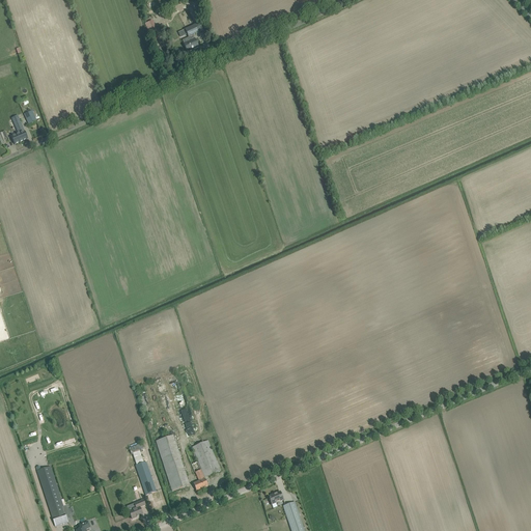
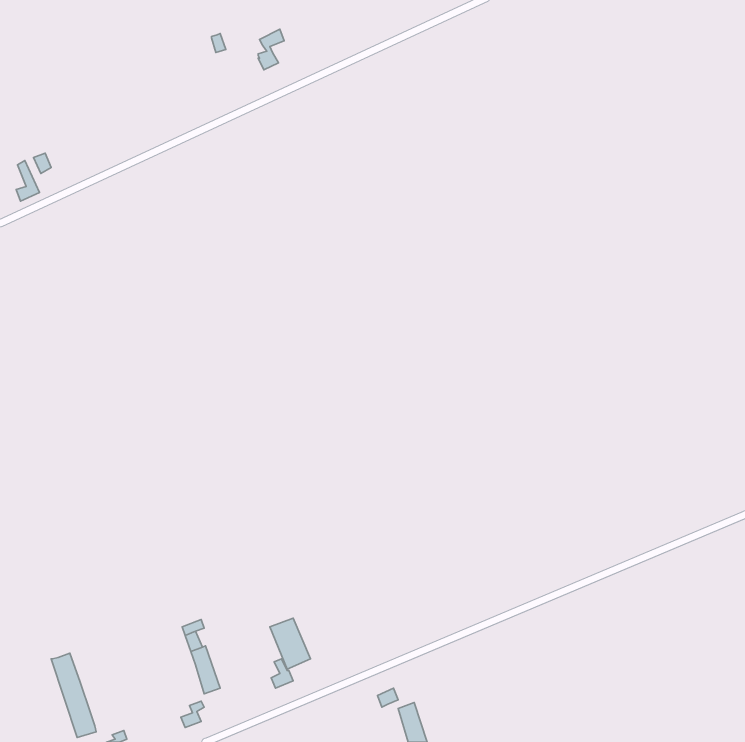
building: [157,435,189,490] -> none

